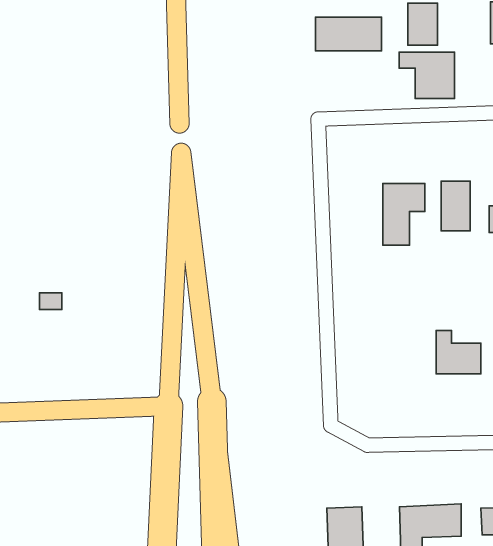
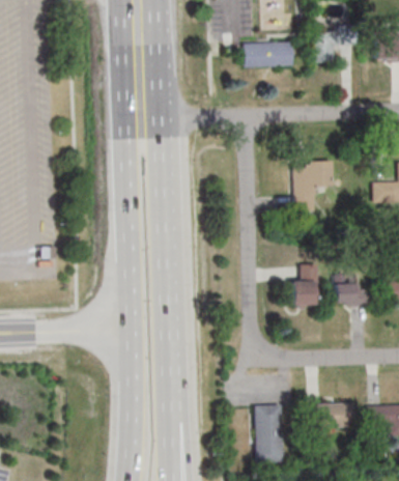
building: [399,52,455,99] -> none
building: [441,181,470,231] -> none
building: none -> [292,264,318,307]

